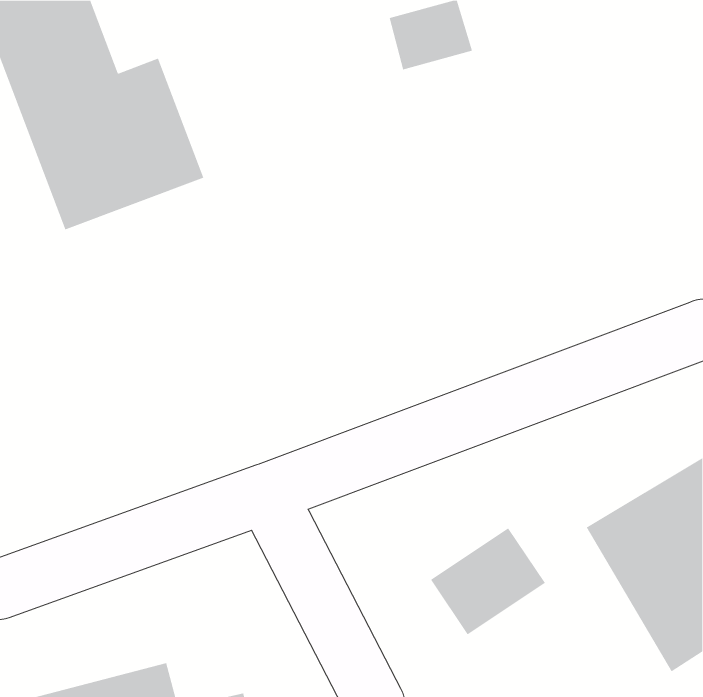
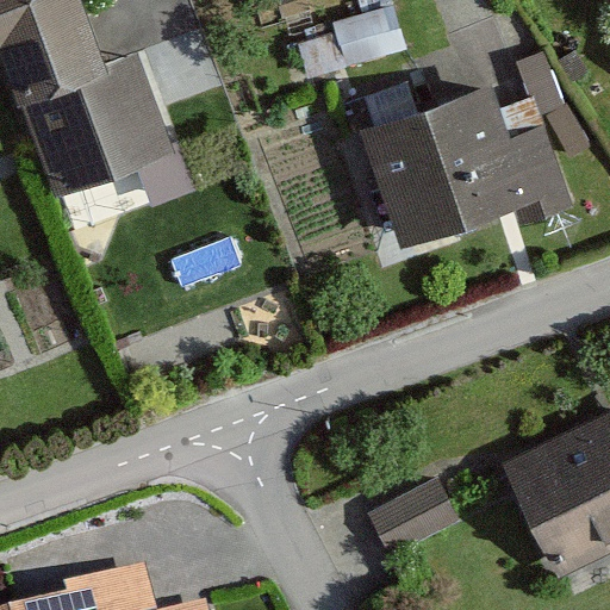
building: none -> [380,75,564,237]

